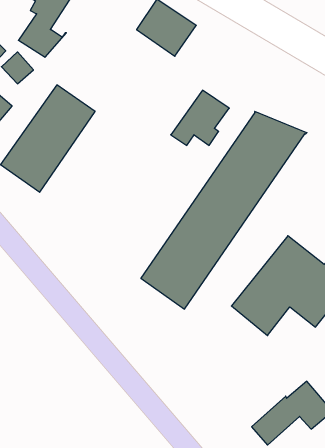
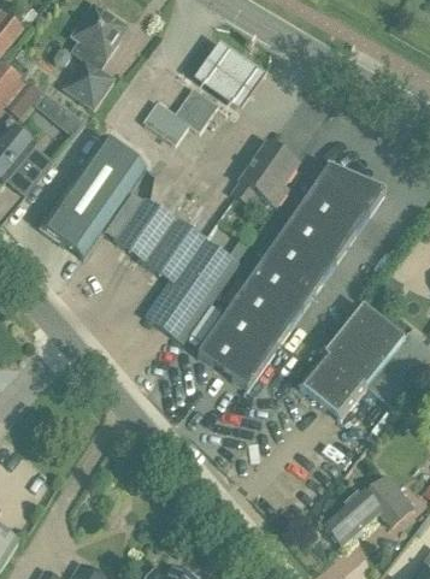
building: none -> [143,88,218,143]
building: none -> [117,197,238,341]

